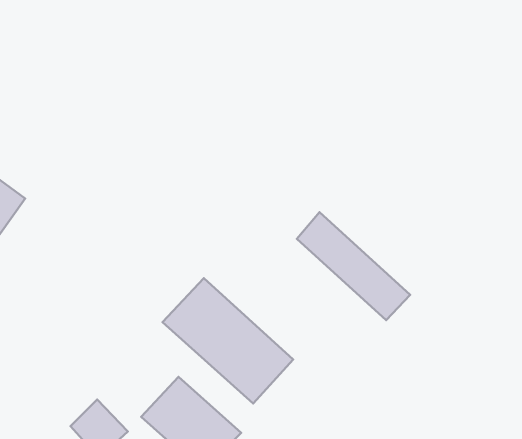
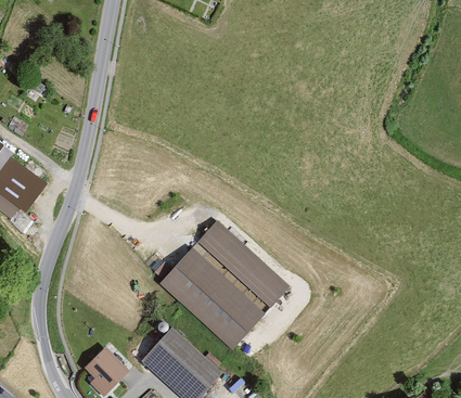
building: [297,212,410,320] -> [197,219,290,307]

